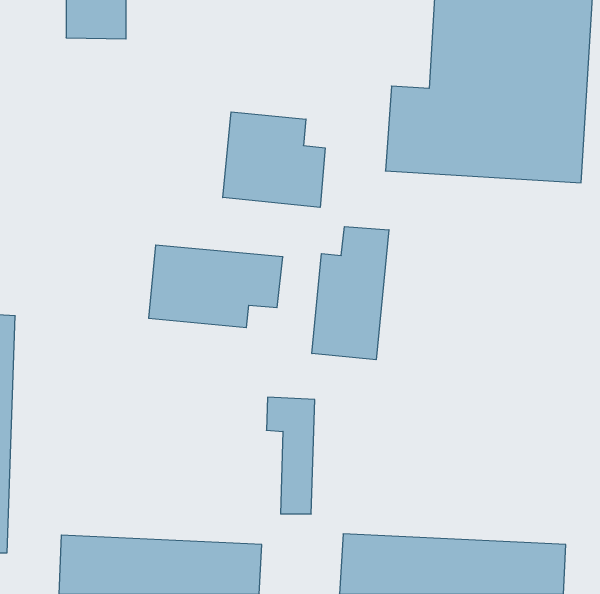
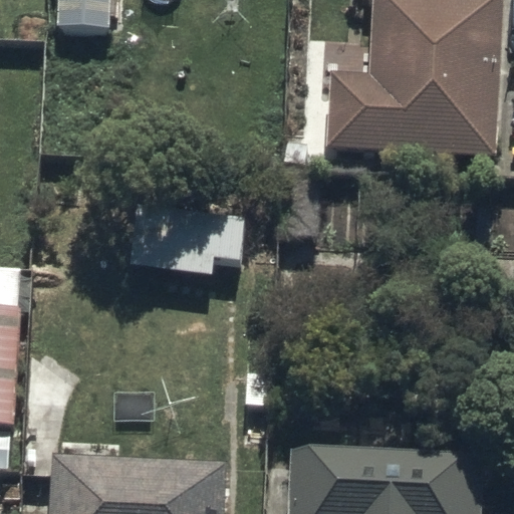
building: [223,112,325,207] -> none
building: [312,227,389,360] -> none

